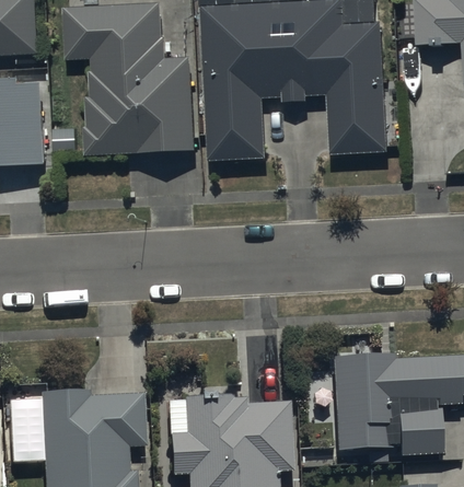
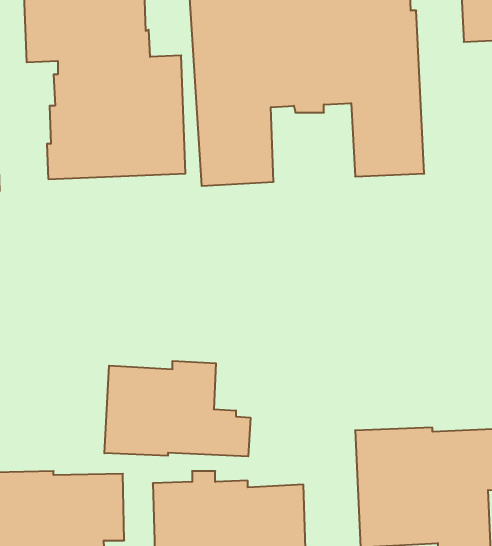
building: none -> [104,361,250,456]

